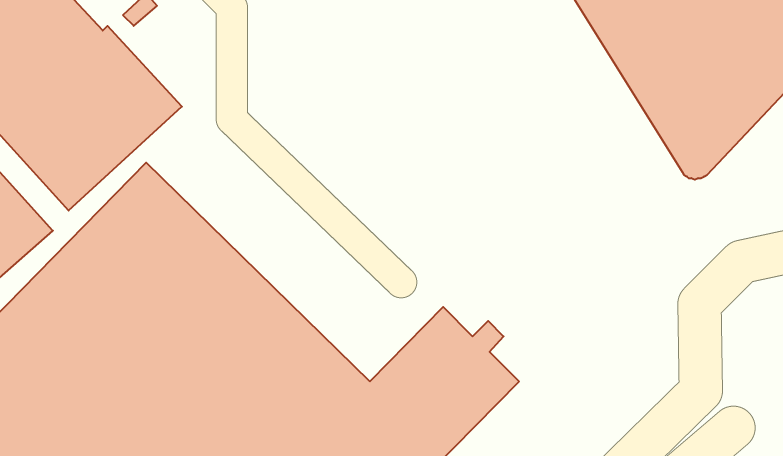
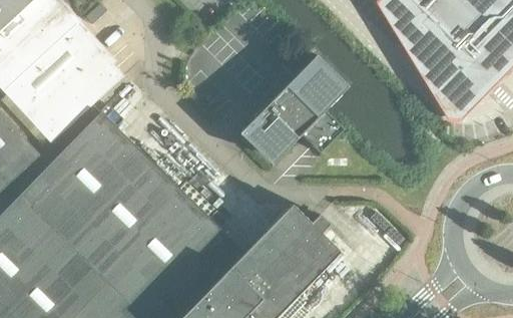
building: none -> [239,54,349,166]

